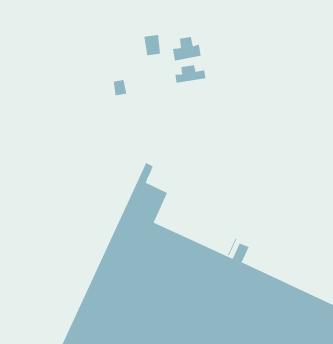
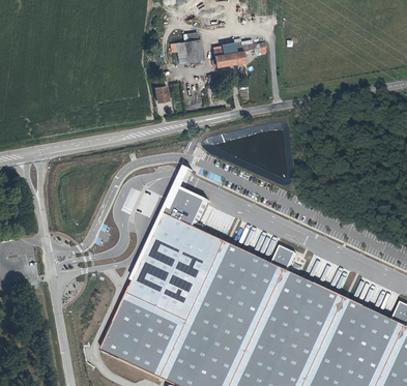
building: [175,64,206,83] -> none

